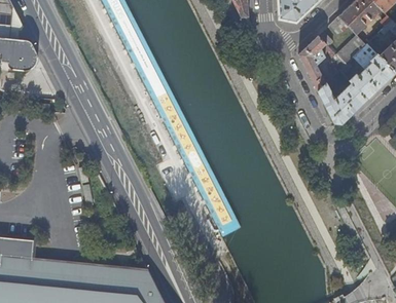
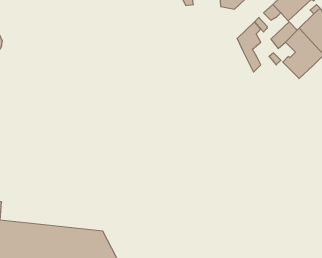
building: [317,82,368,123] -> none

